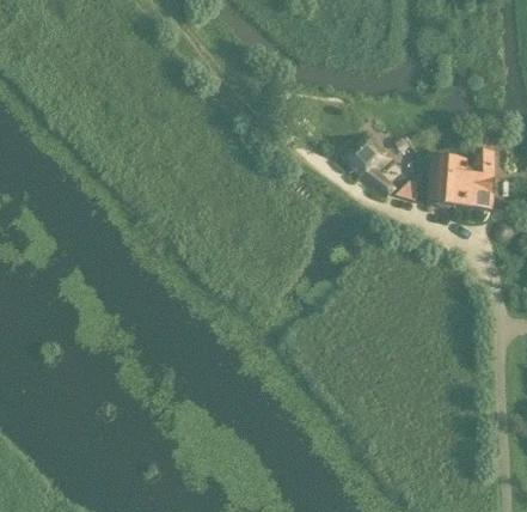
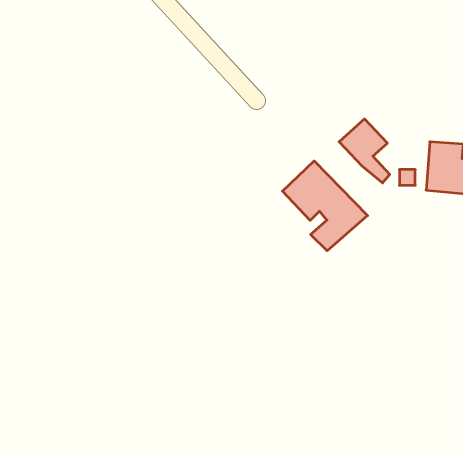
building: none -> [282,161,368,251]

